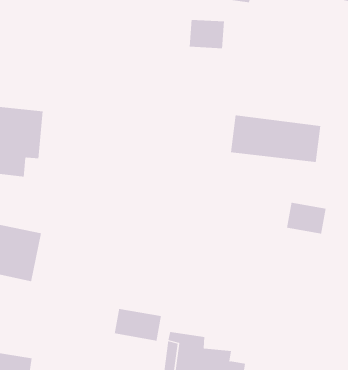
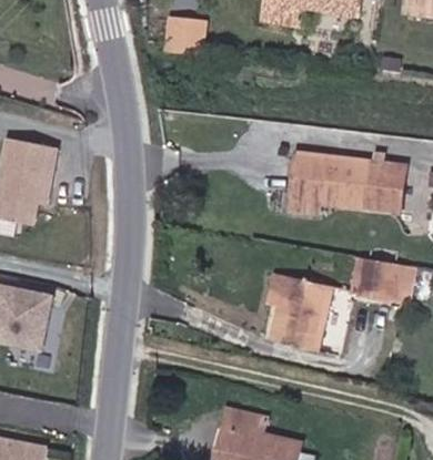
building: [189,19,225,49] -> [169,18,212,53]
building: none -> [260,273,323,350]
building: [114,308,161,341] -> none

